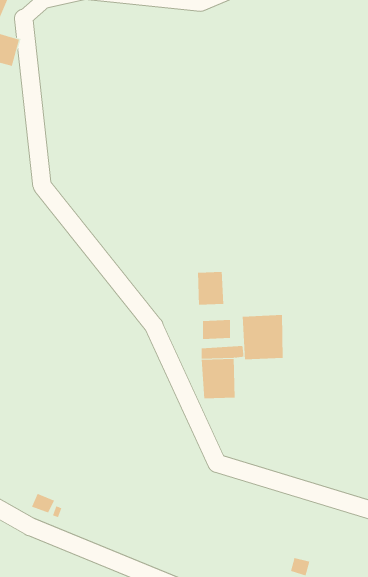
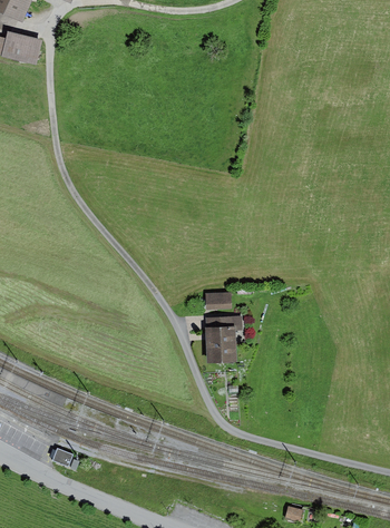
building: [198,271,224,306] -> none
building: [242,314,283,360] -> none

